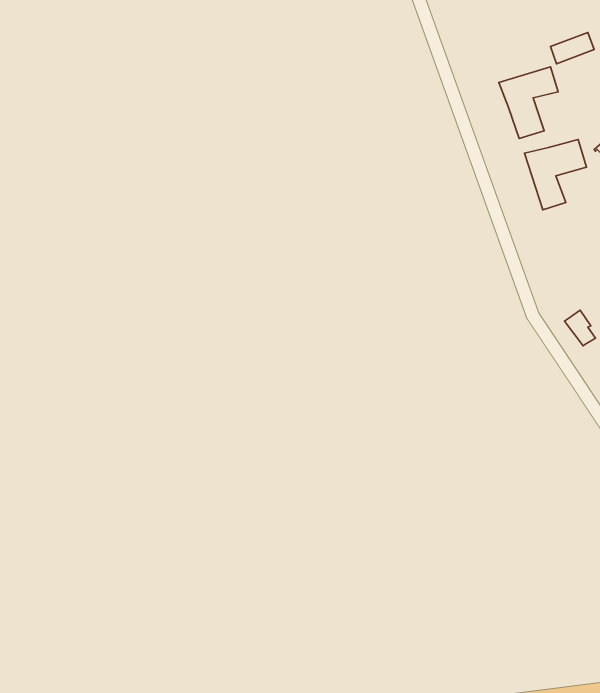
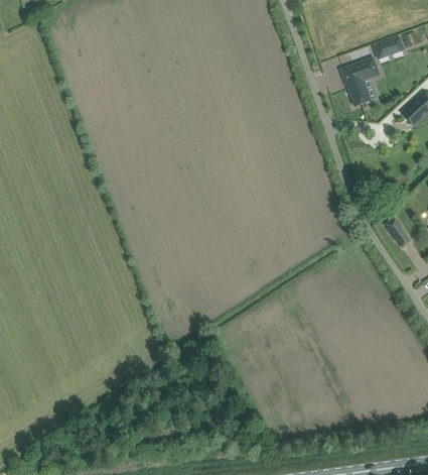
building: [525,140,587,210] -> none

